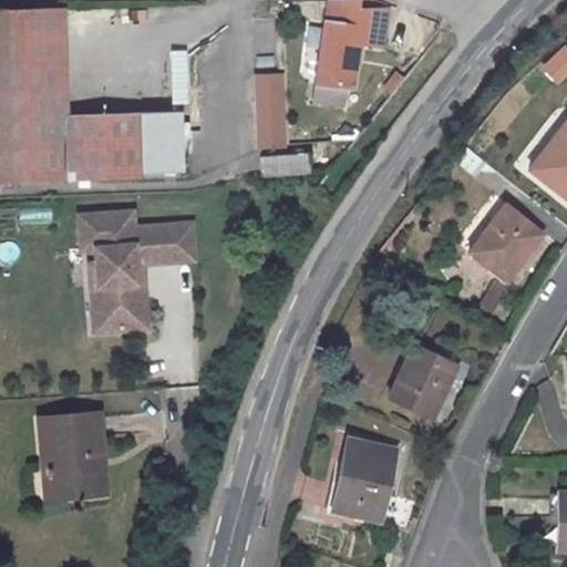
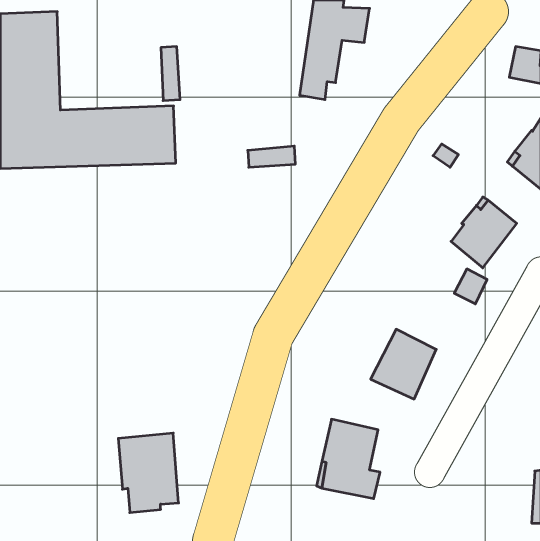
building: [251,73,286,151] -> none
building: [74,205,197,339] -> none
building: [41,413,104,496] -> [118,433,179,513]

